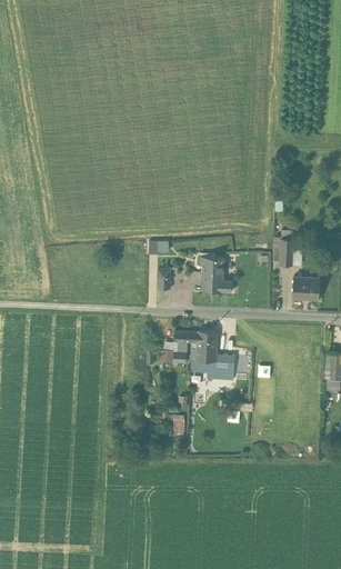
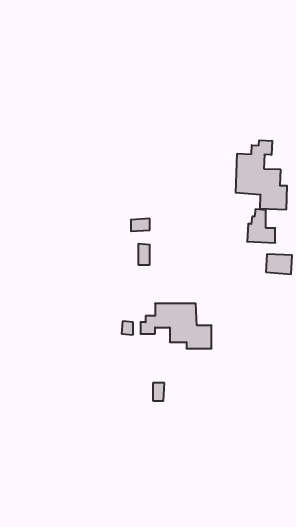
building: none -> [236,140,287,210]
building: [199,256,237,292] -> none

